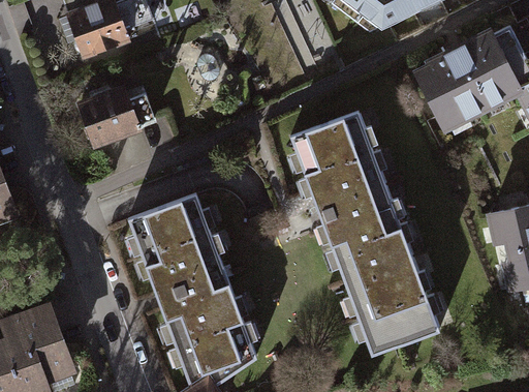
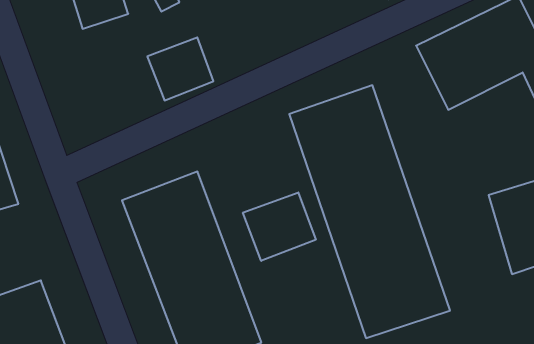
building: [81,88,145,149] -> [147,37,213,100]
building: none -> [243,192,316,261]

